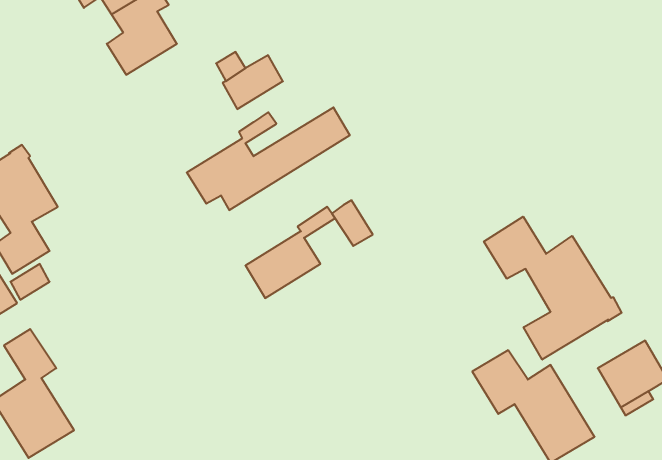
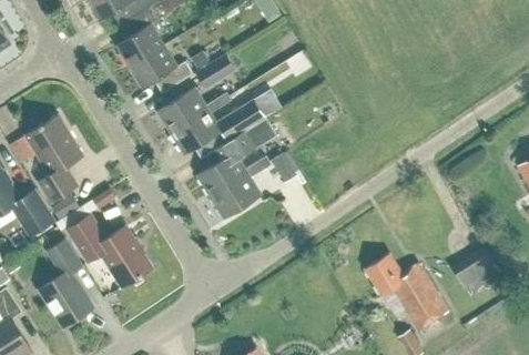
building: none -> [130,45,193,93]
building: none -> [157,88,208,133]
building: none -> [197,120,274,196]
building: [484,217,622,360] -> none
building: none -> [67,214,153,288]

